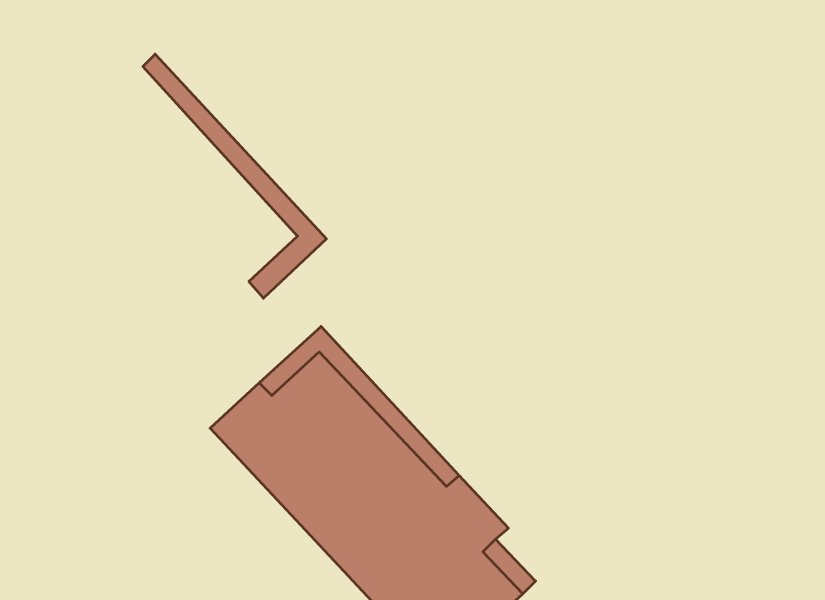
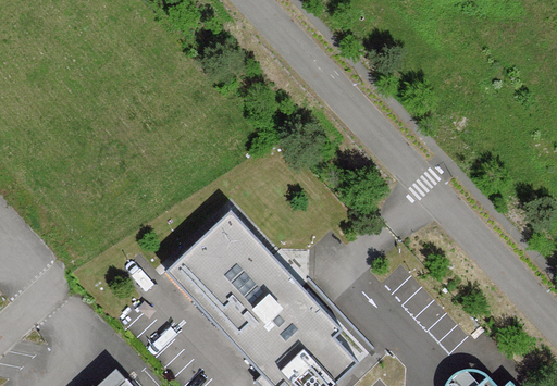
building: [143,54,326,298] -> none

